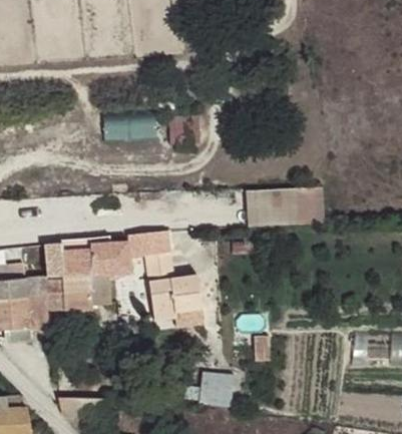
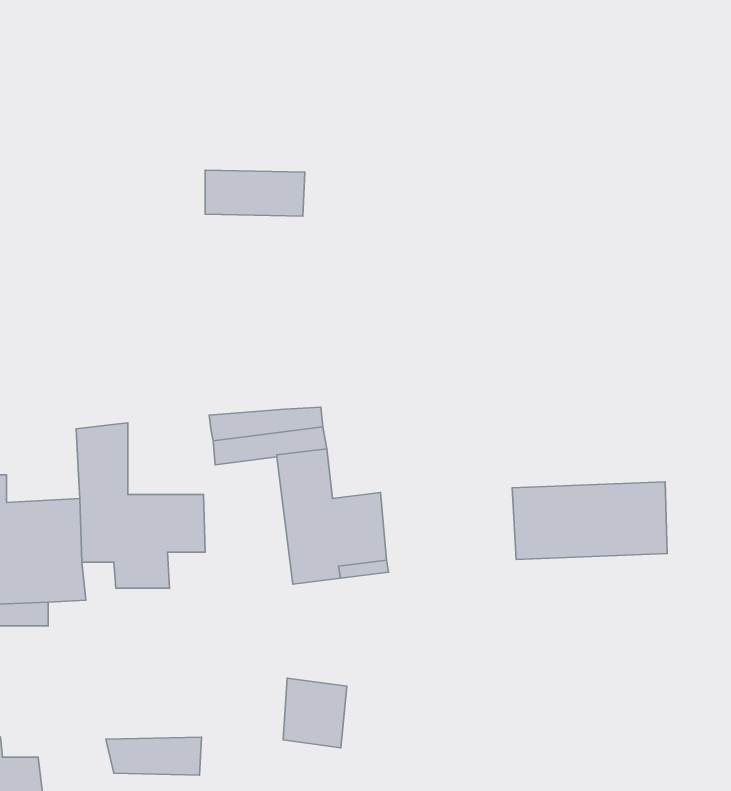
building: [250,185,328,225] -> [512,482,667,559]
building: [70,240,116,276] -> none
building: [200,372,233,407] -> [283,678,347,748]

